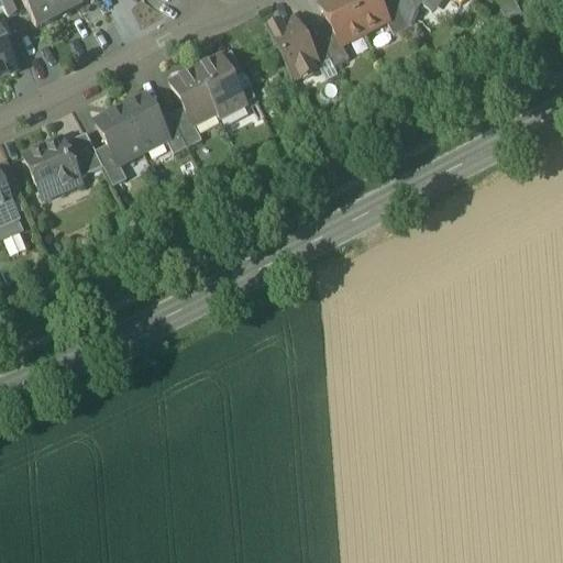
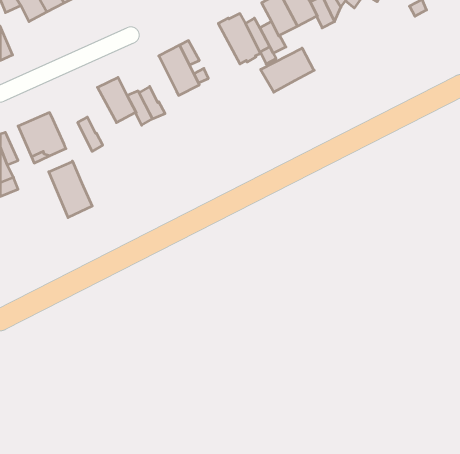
building: none -> [261,48,314,92]
building: [170,68,217,125] -> none
building: [96,107,143,163] -> none
building: [64,132,103,176] -> none
building: none -> [49,161,92,218]

